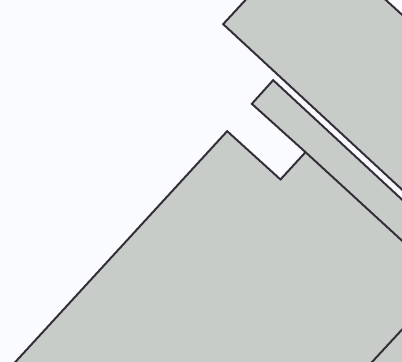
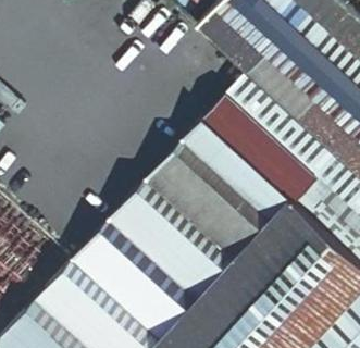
building: none -> [200,98,269,164]

